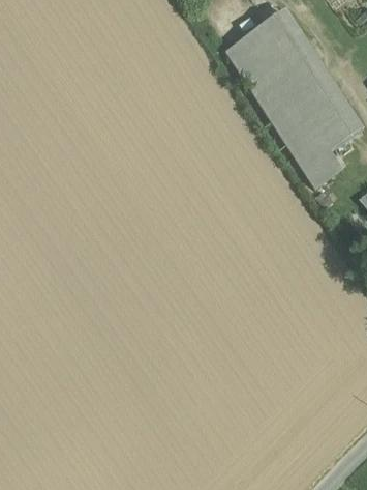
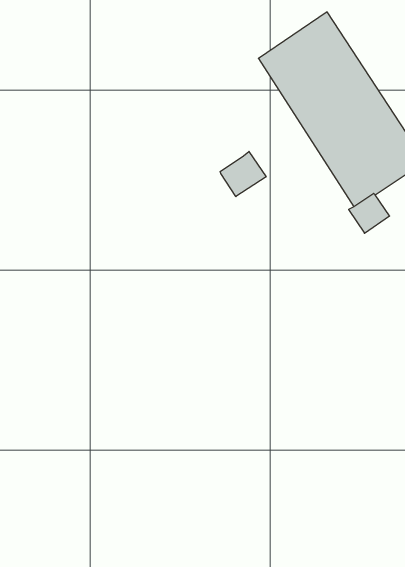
building: none -> [220,151,266,197]

